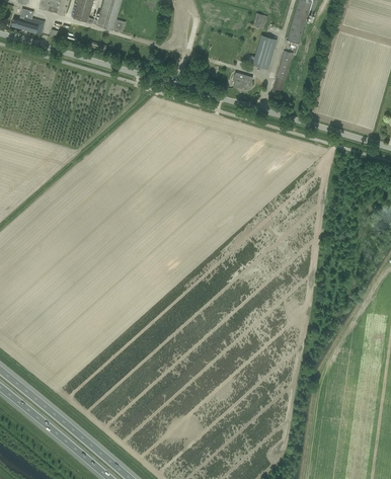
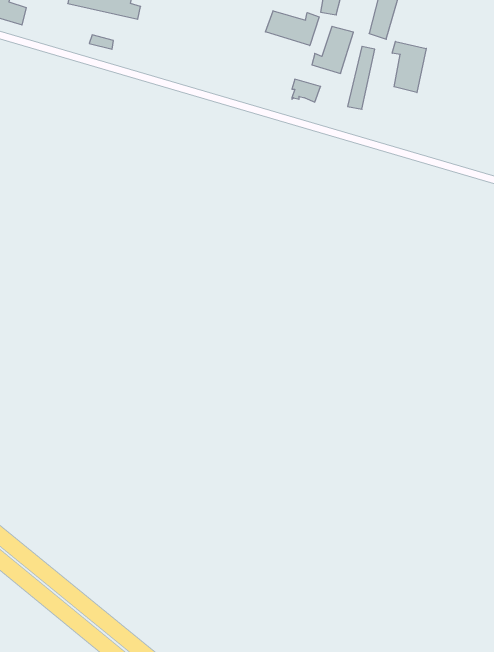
building: none -> [265,11,319,46]
building: none -> [392,41,426,93]

